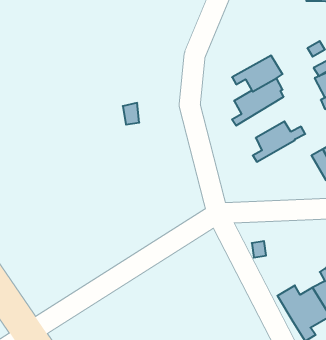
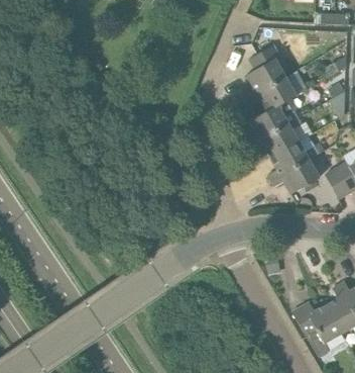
building: none -> [245,44,286,97]
building: none -> [252,116,303,157]
building: none -> [272,159,320,194]

